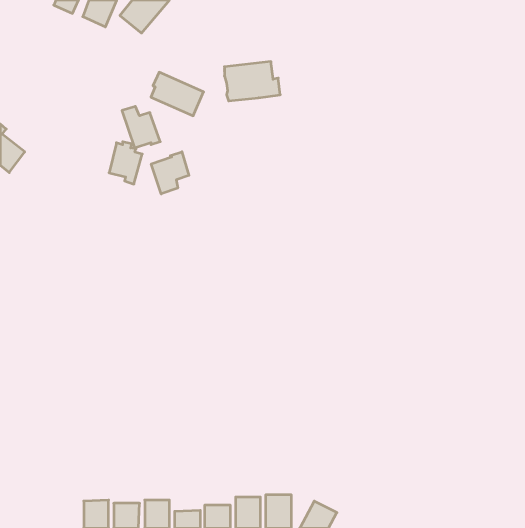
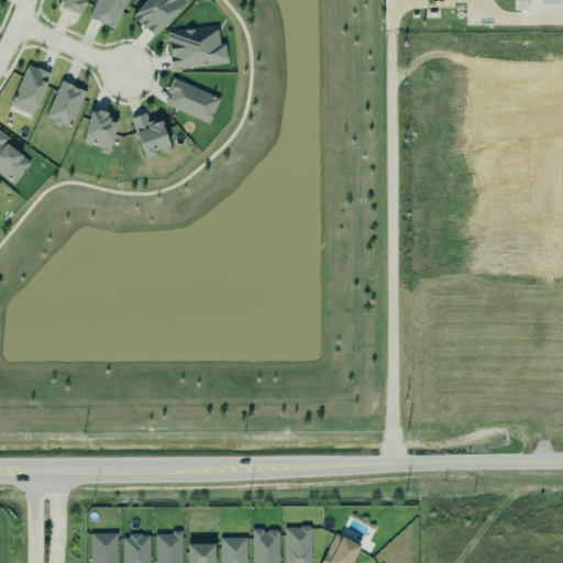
building: none -> [10,65,49,114]
building: [224,62,280,101] -> [167,25,227,67]
building: none -> [45,80,86,128]
building: [109,142,142,184] -> [82,109,118,154]
building: [151,152,189,194] -> none

